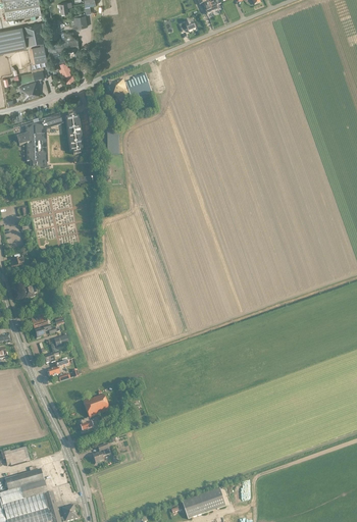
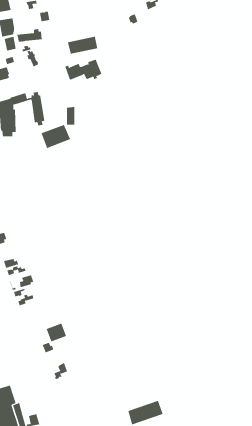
building: none -> [67,36,98,54]
building: none -> [41,124,71,149]

